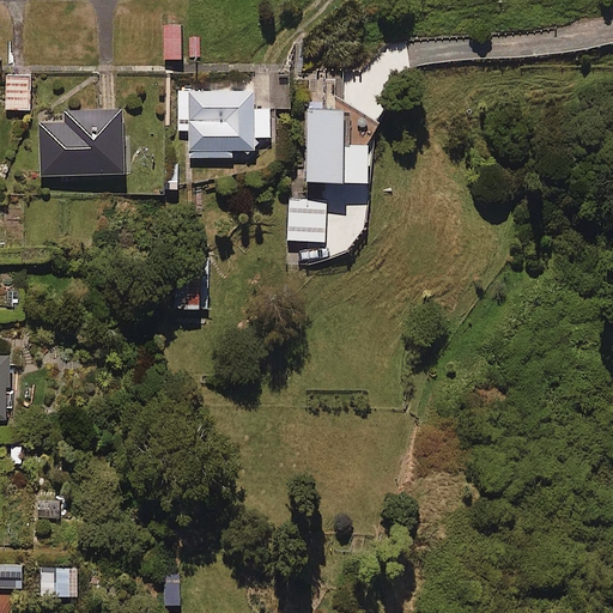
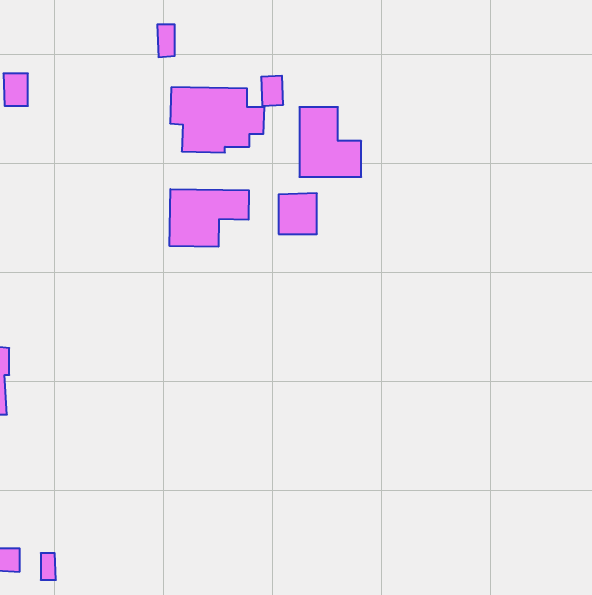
building: [38,110,126,176] -> none
building: none -> [170,189,249,247]

